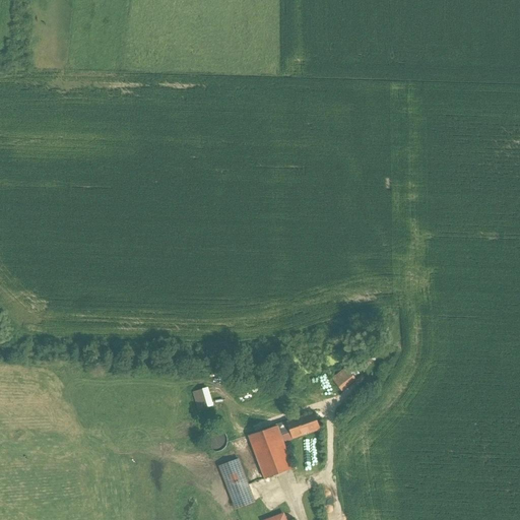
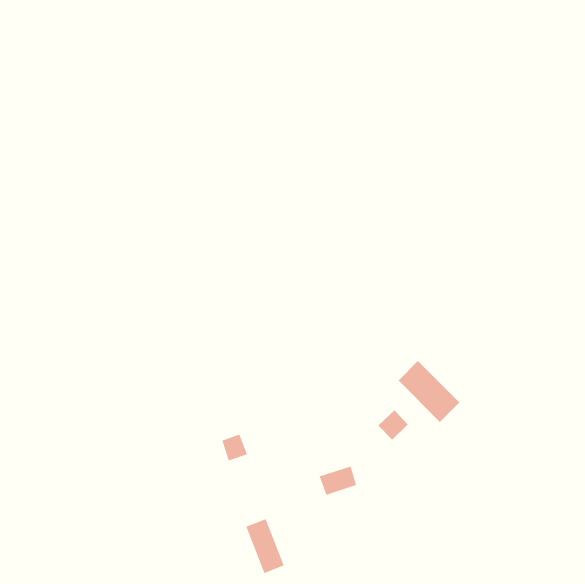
building: none -> [398,360,460,423]
building: [247,426,291,479] -> none

